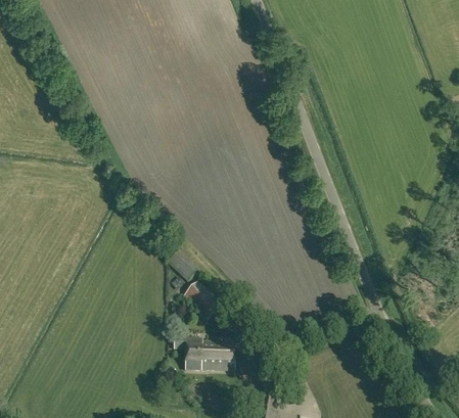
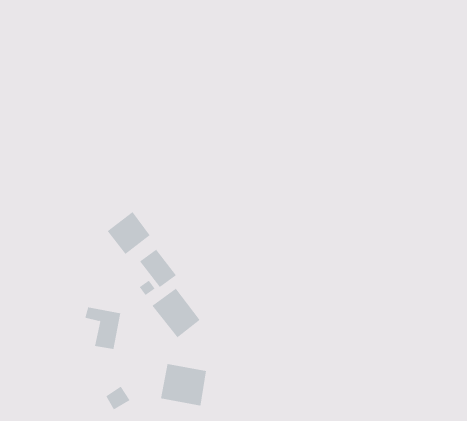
building: none -> [107,211,150,255]
building: [174,340,202,371] -> [85,307,121,349]

